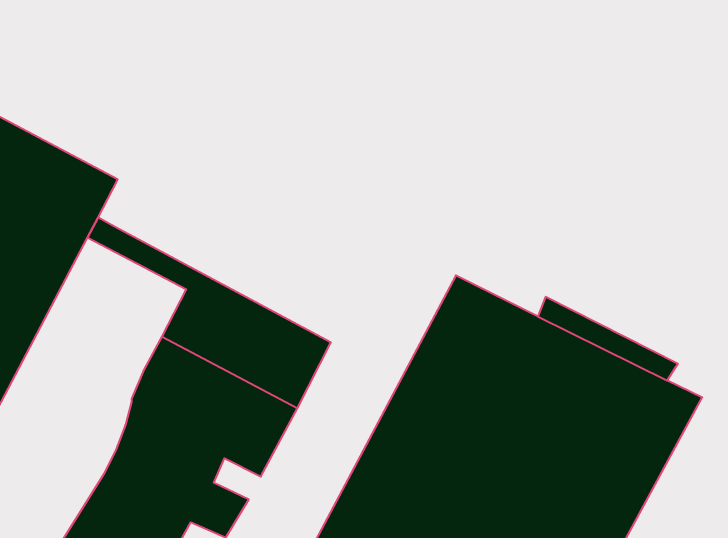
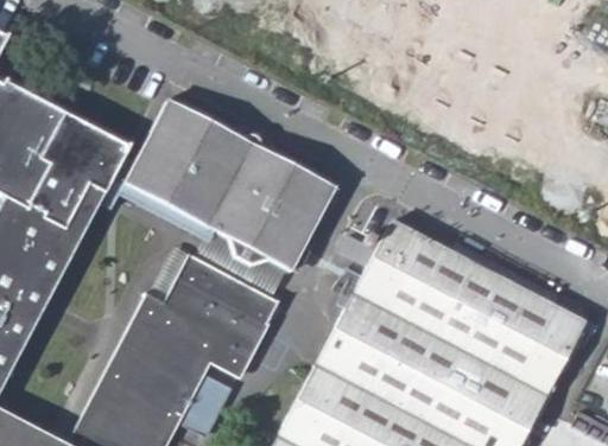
building: none -> [124,108,334,274]

